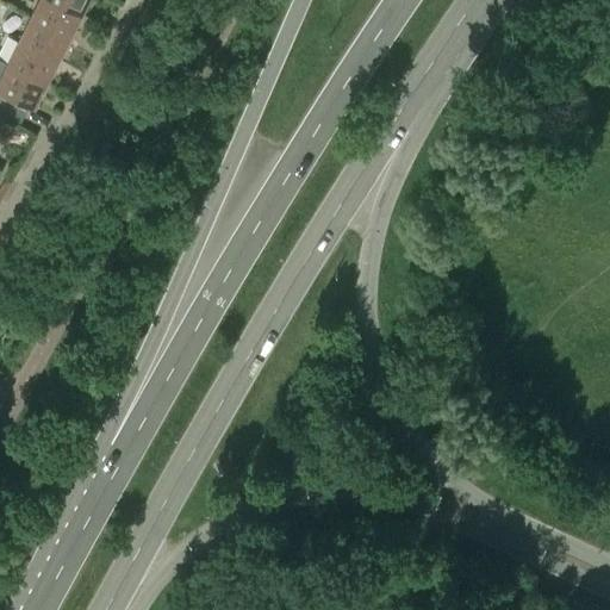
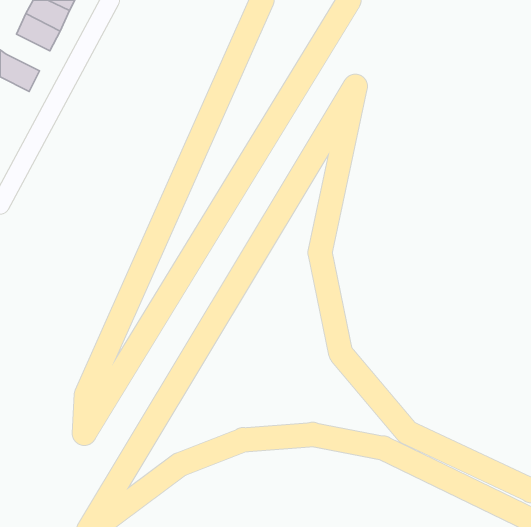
building: [7,44,57,86] -> none

